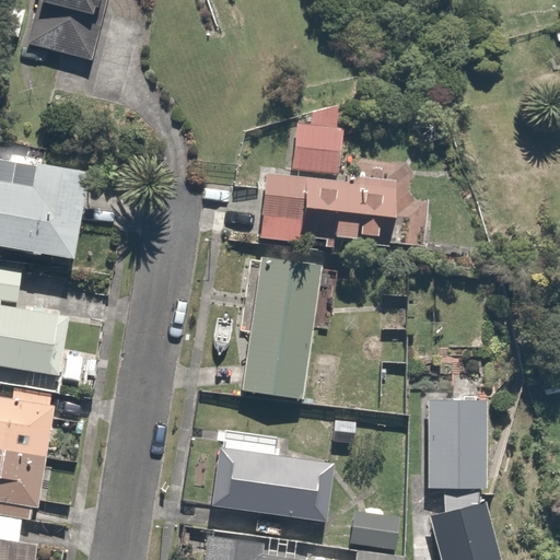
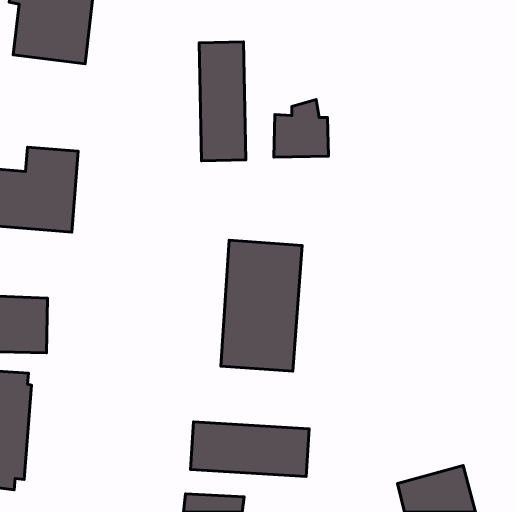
building: none -> [199,42,246,161]
building: [261,174,417,245] -> none
building: [432,394,503,489] -> none
building: [347,511,402,541] -> none

